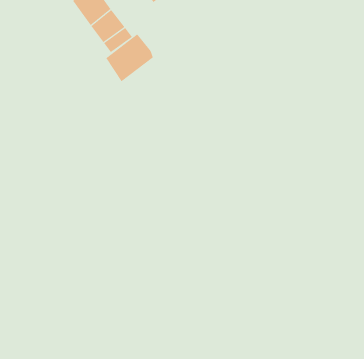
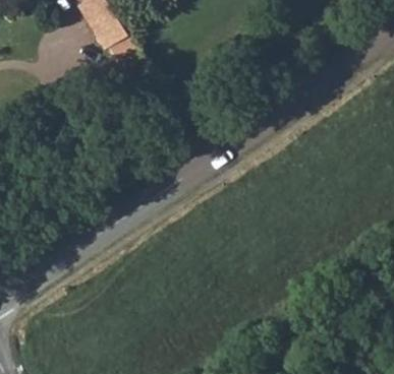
building: [105,33,153,82] -> none

